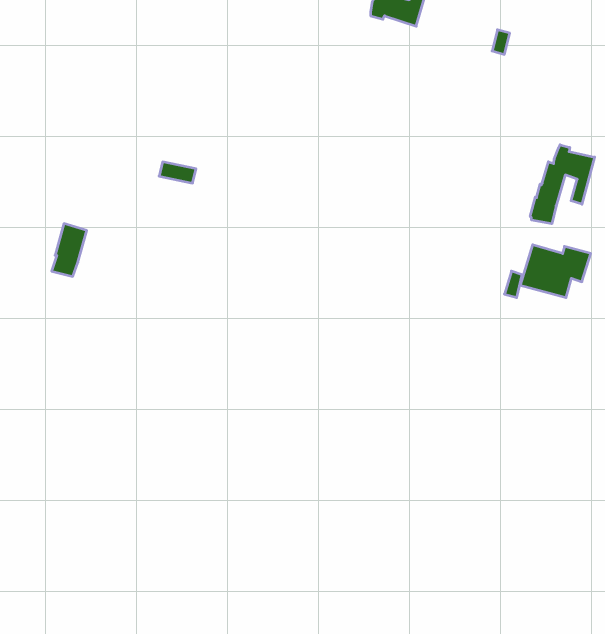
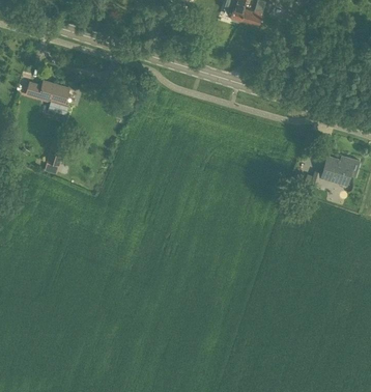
building: none -> [27,81,70,106]
building: [530,145,595,224] -> none

